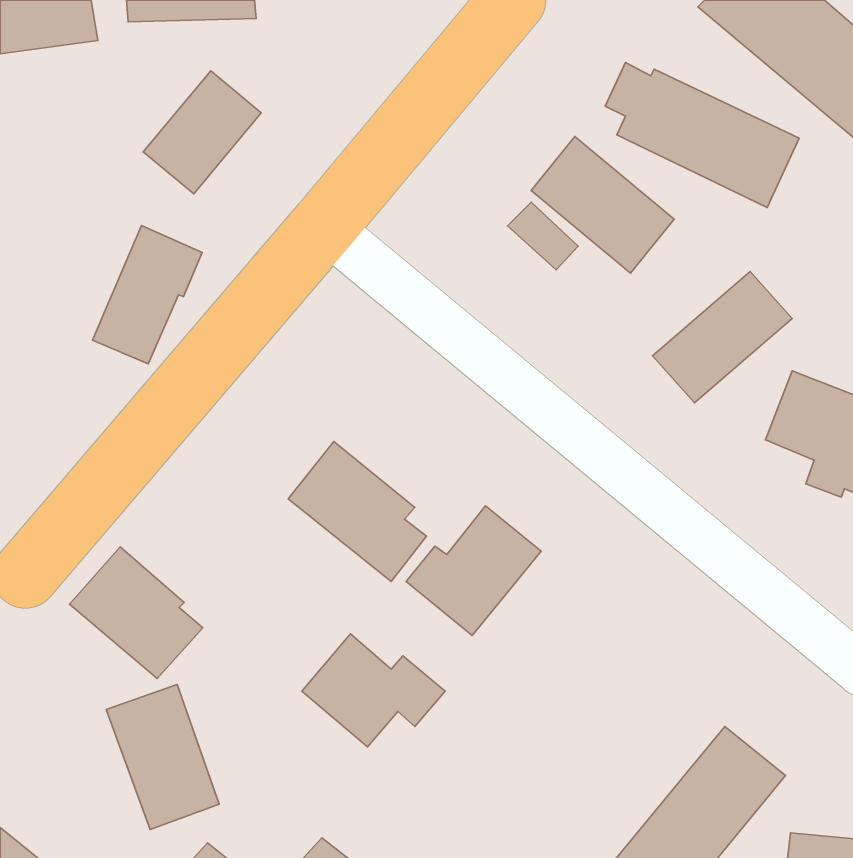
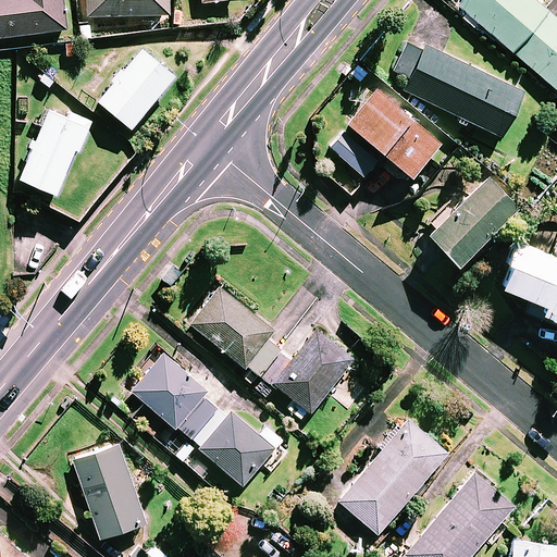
building: [92,226,202,364] -> [21,104,91,194]
building: [70,547,203,678] -> [133,355,219,440]
building: none -> [339,419,446,533]

